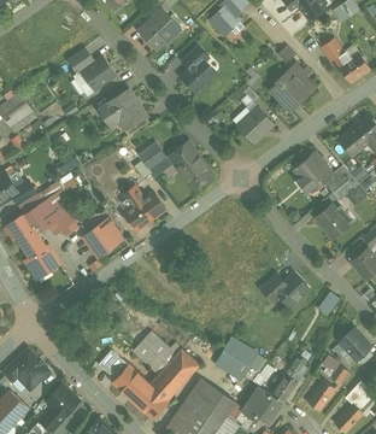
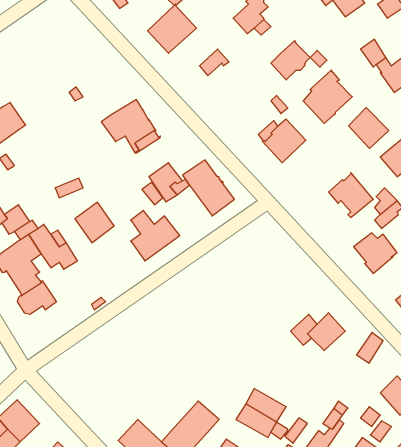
building: [78,54,114,90] -> none
building: [181,58,215,92] -> [271,41,310,80]
building: none -> [349,108,389,148]
building: [83,222,117,257] -> [75,202,114,243]
building: [131,330,181,374] -> none

